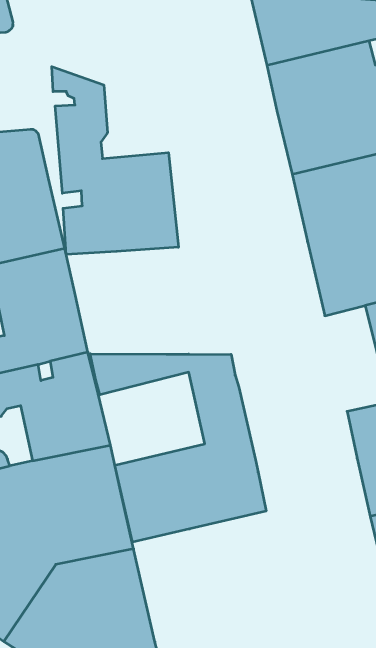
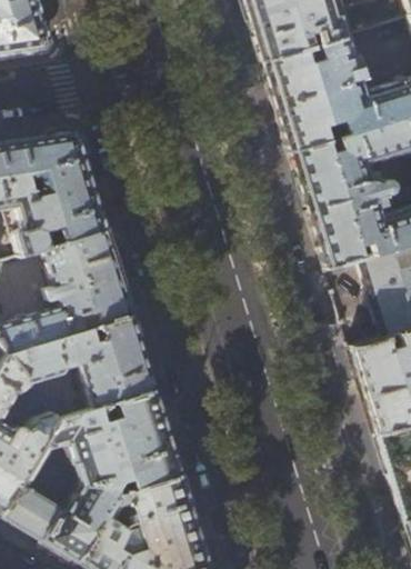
building: [52,67,178,255] -> none
building: [90,354,266,542] -> none

